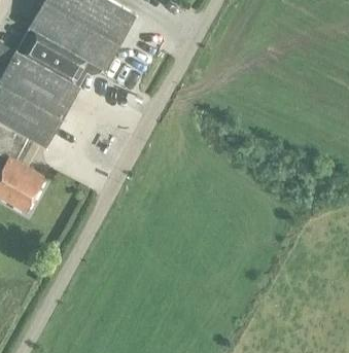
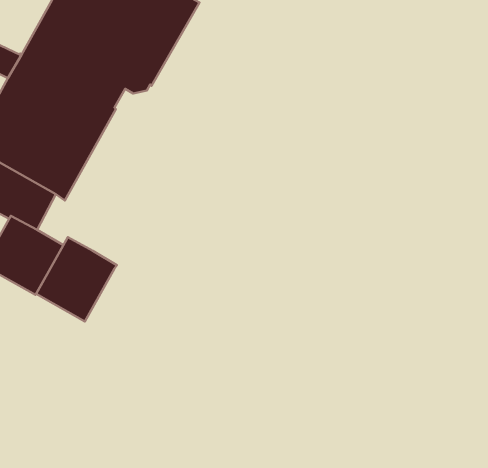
building: none -> [36,237,117,321]

